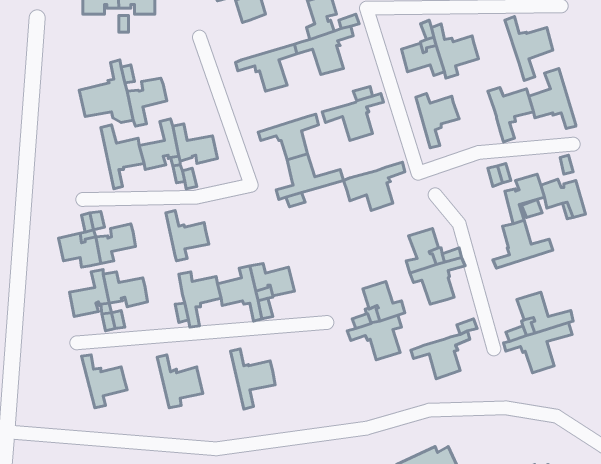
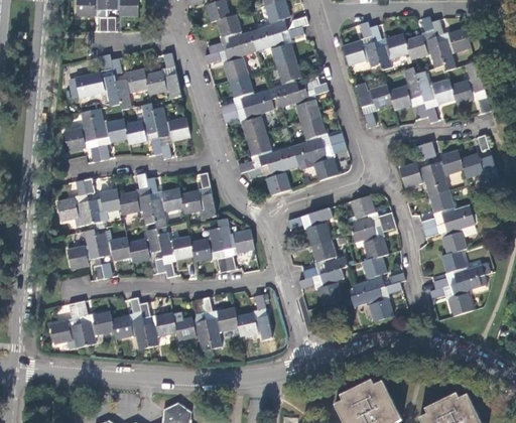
building: none -> [208,14,260,54]
building: none -> [404,15,442,61]
building: none -> [144,52,179,99]
building: none -> [274,61,299,98]
building: none -> [387,74,427,119]
building: none -> [222,76,265,115]
building: none -> [62,111,103,164]
building: none -> [297,116,345,153]
building: none -> [266,155,298,194]
building: none -> [398,162,437,193]
building: none -> [179,174,215,218]
building: none -> [119,176,154,221]
building: none -> [287,207,333,246]
building: none -> [423,214,474,253]
building: none -> [129,230,160,262]
building: none -> [359,255,387,293]
building: none -> [236,293,271,338]
building: none -> [111,297,149,348]
building: none -> [172,298,212,348]
building: none -> [50,302,87,349]

